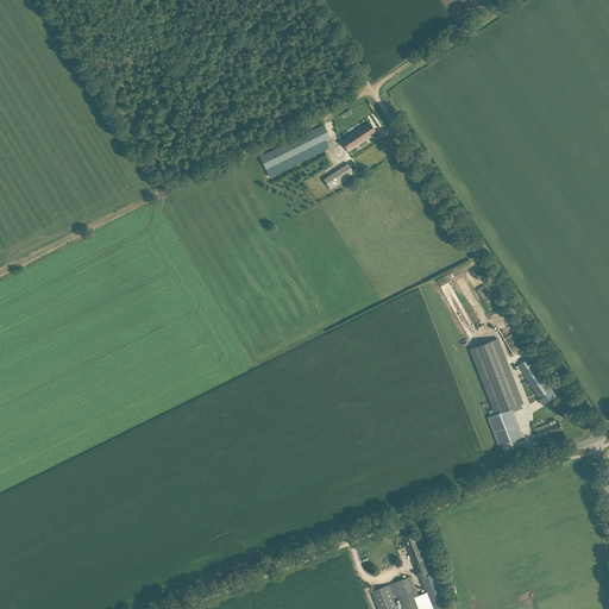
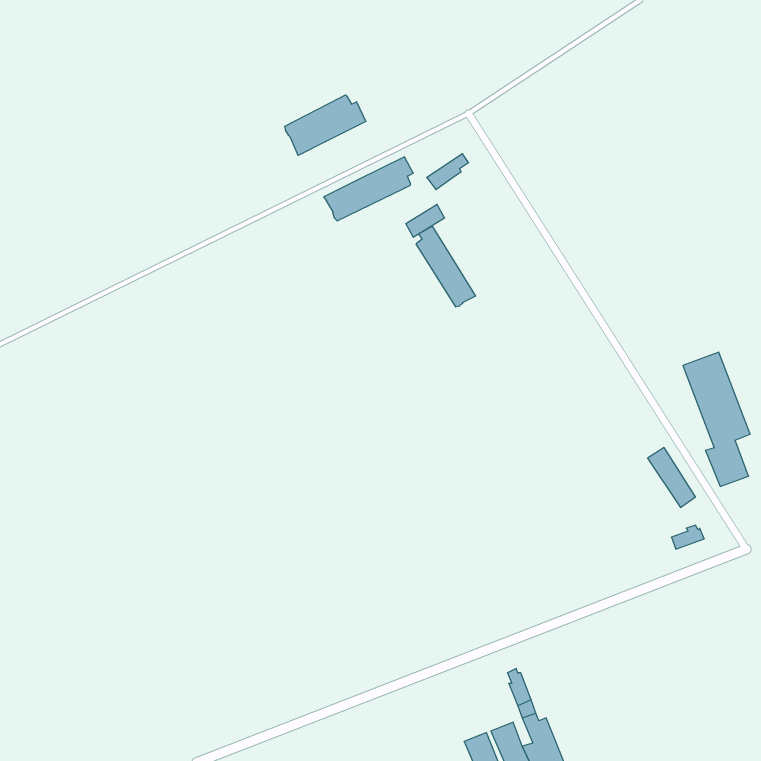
building: none -> [285,95,366,155]
building: none -> [416,226,476,307]
building: [469,339,522,446] -> [683,352,750,486]

